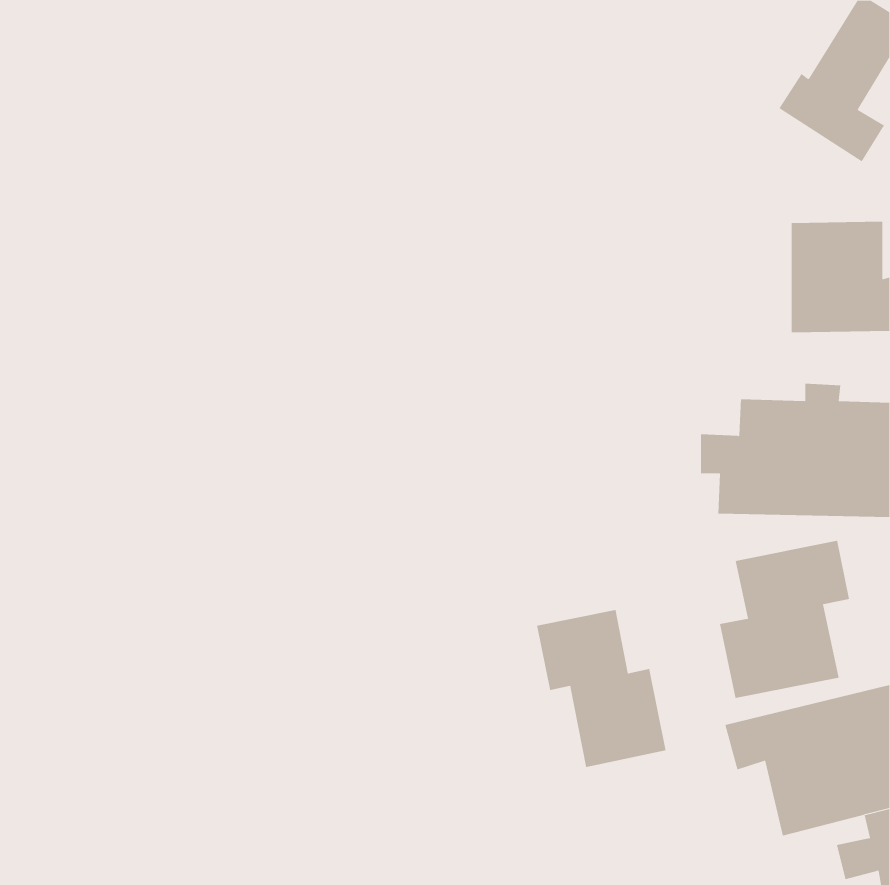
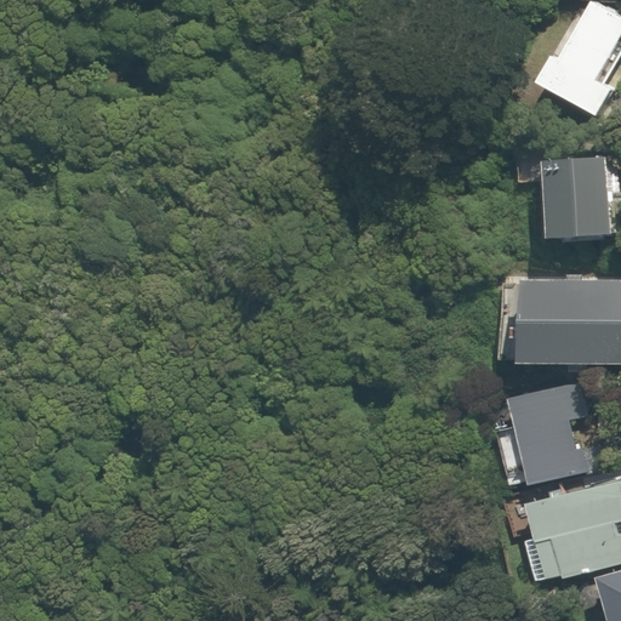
building: [537,609,666,768] -> none

